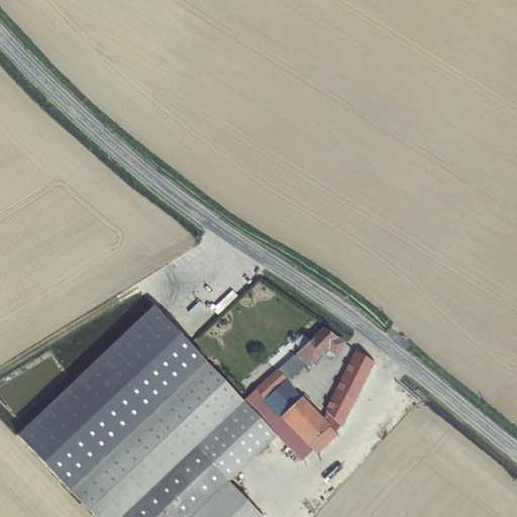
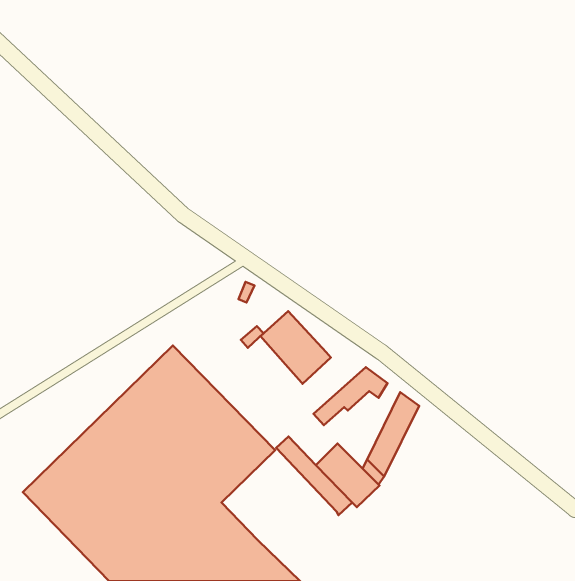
building: none -> [260,311,331,384]
building: [256,368,300,413] -> none
building: [197,400,277,480] -> none

